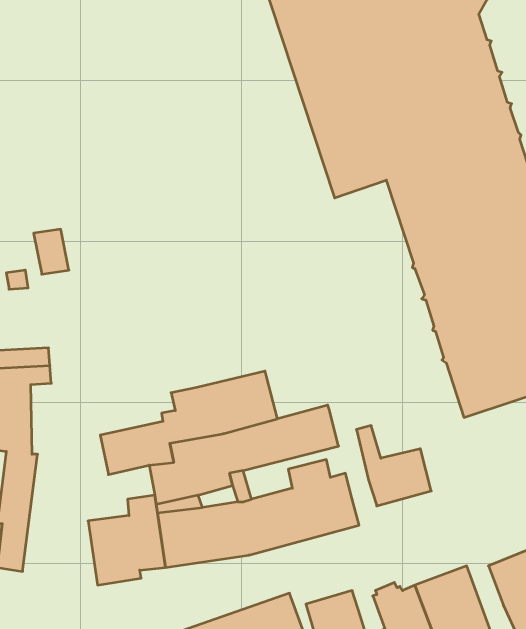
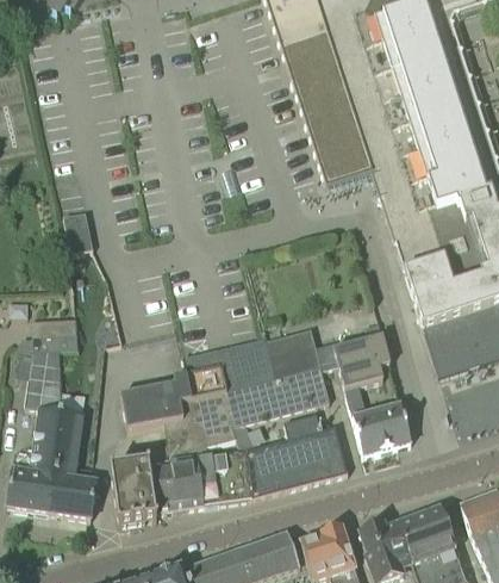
building: none -> [267,321,391,387]
building: none -> [54,409,96,516]

